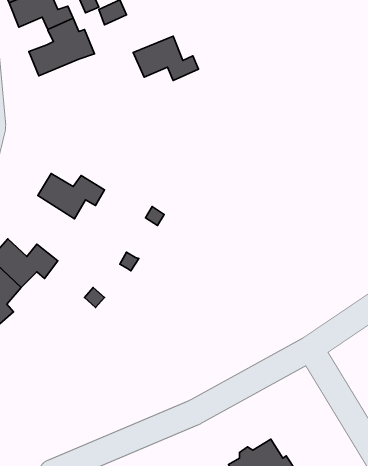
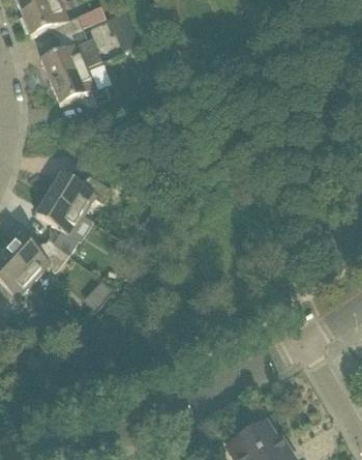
building: [133,36,199,80] -> [51,64,112,106]
building: none -> [36,192,84,254]

